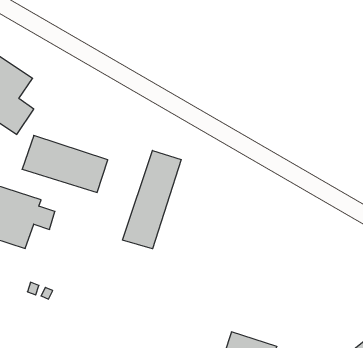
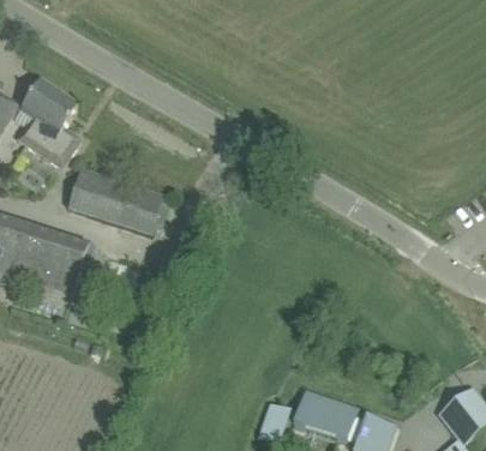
building: [123,150,181,249] -> none

